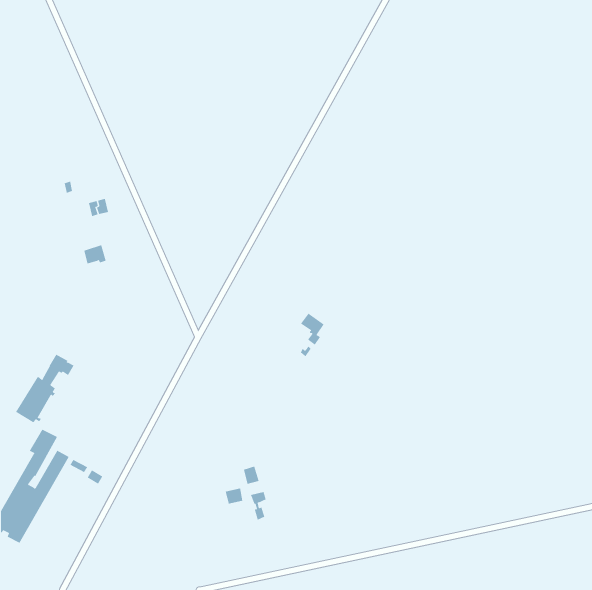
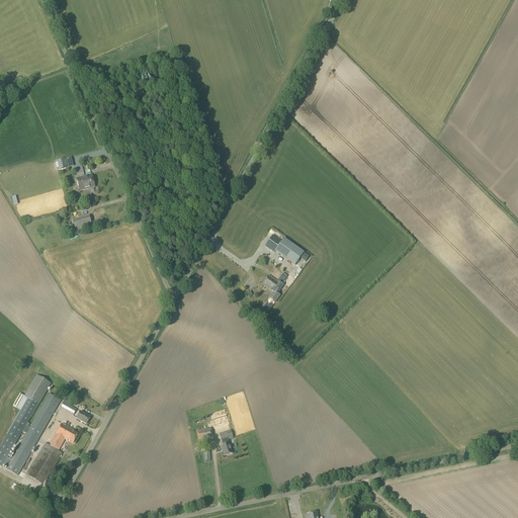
building: none -> [265,234,305,264]
building: [15,354,74,423] -> [26,422,78,483]

